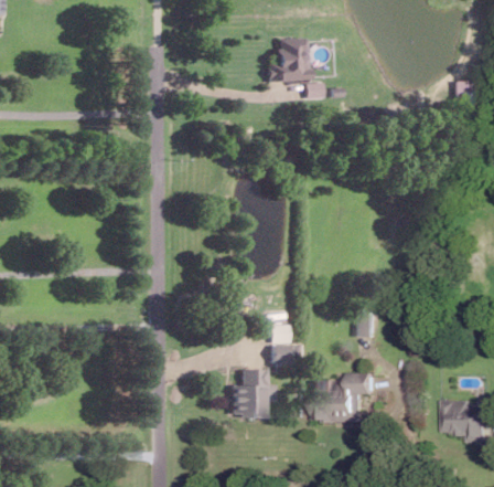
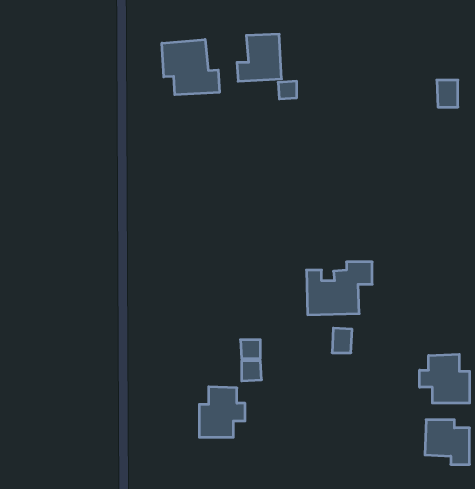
building: none -> [162,39,219,95]
building: none -> [420,354,470,403]
building: [313,372,375,422] -> [306,262,372,315]

